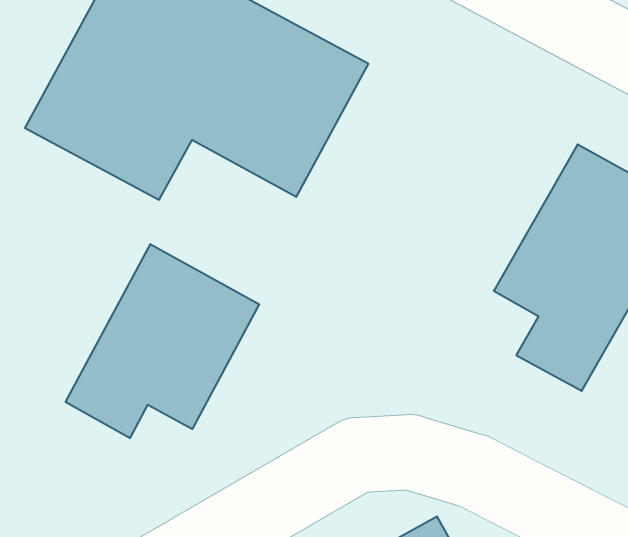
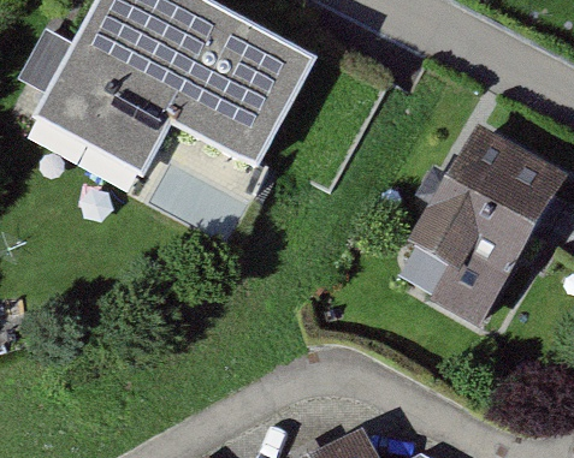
building: [66,244,259,438] -> none

